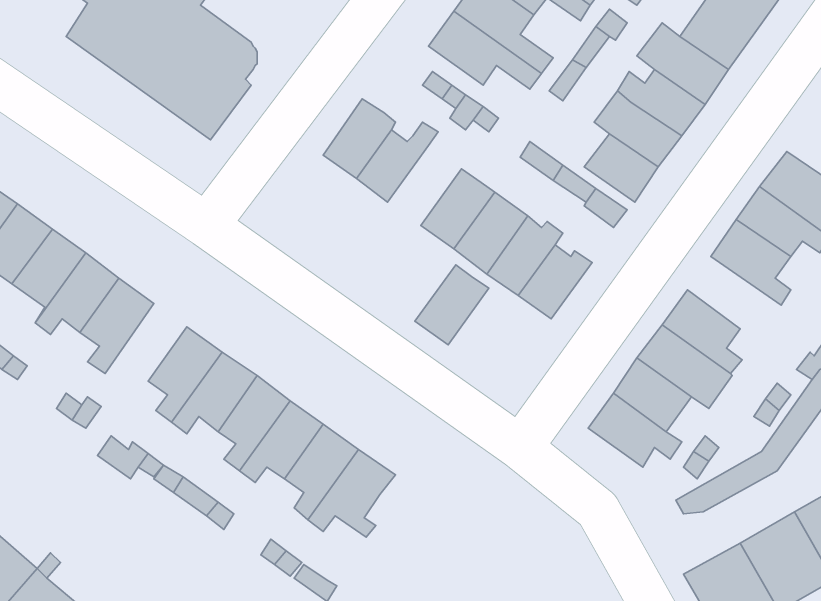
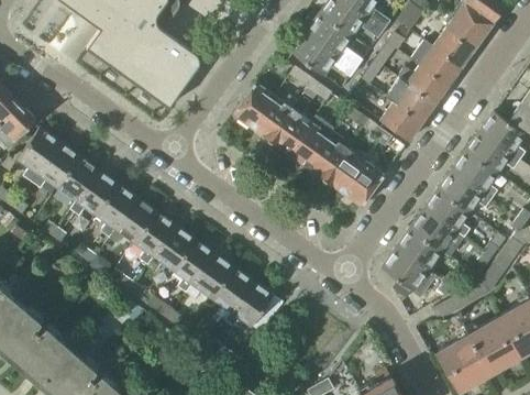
building: none -> [439,172,492,212]
building: [415,265,489,345] -> [269,109,311,154]
building: none -> [110,198,156,243]

